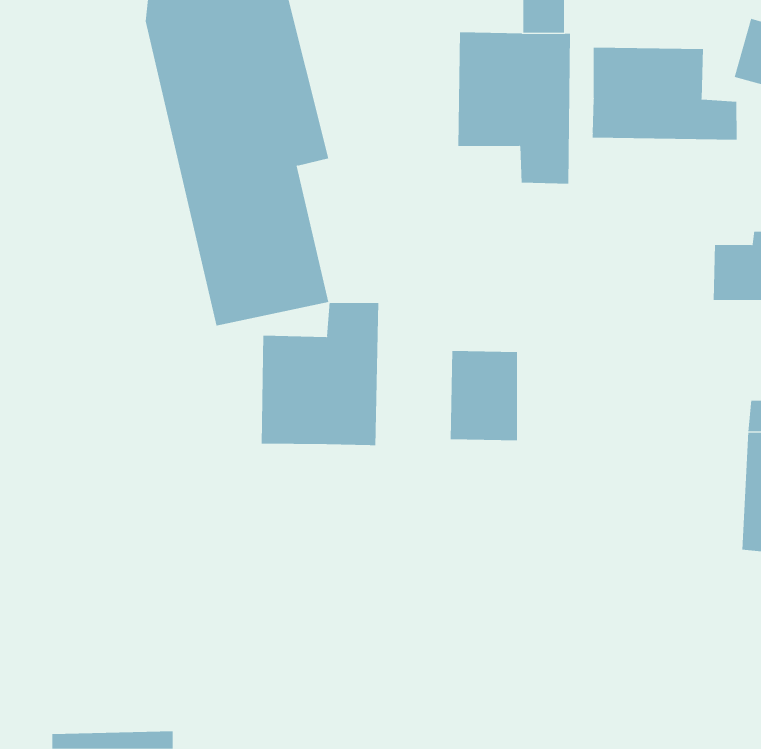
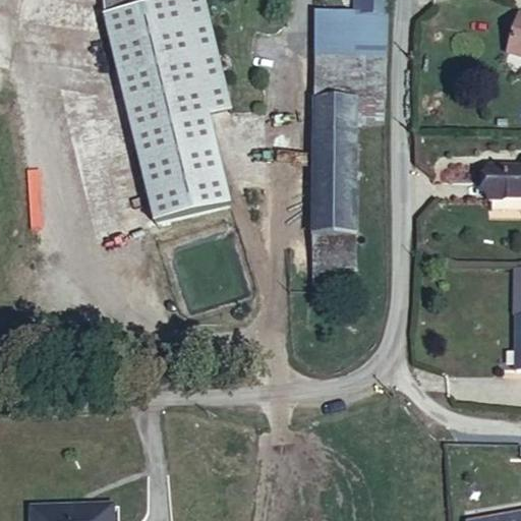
building: [592,47,737,141] -> none
building: none -> [311,99,358,237]
building: [261,302,379,446] -> none

